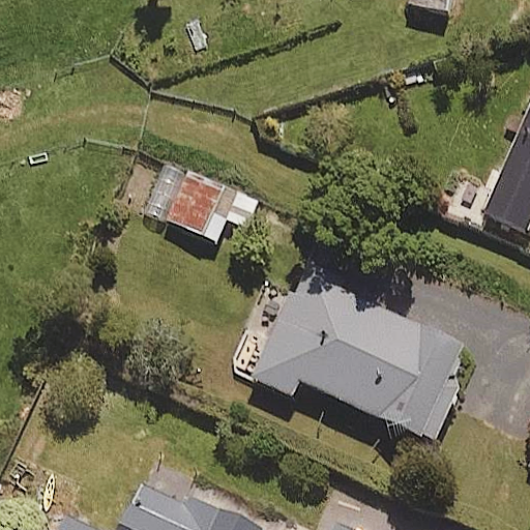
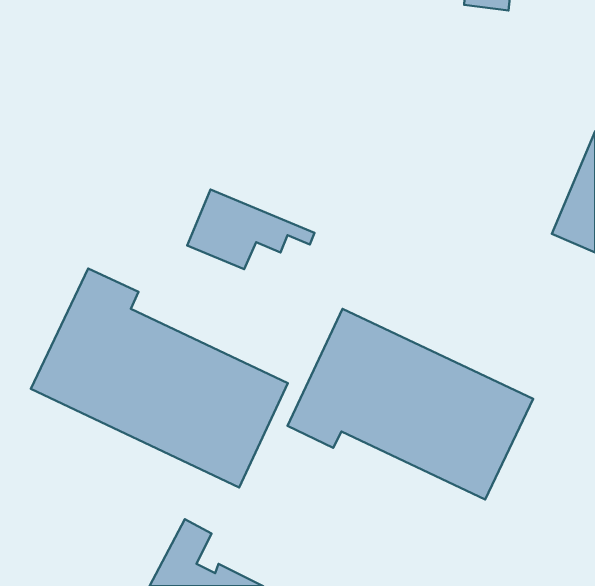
building: none -> [31,269,288,487]

